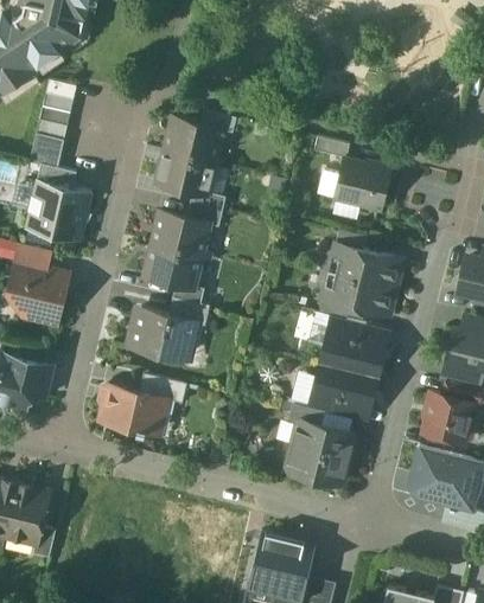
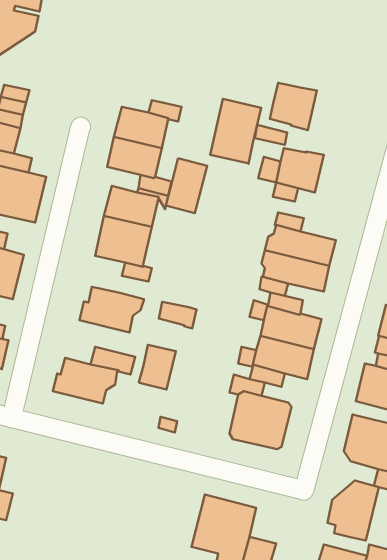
building: none -> [270,83,317,130]
building: none -> [210,99,261,164]
building: none -> [166,158,207,213]
building: [168,299,209,327] -> [159,302,196,328]
building: none -> [139,345,176,389]
building: none -> [327,481,379,540]

